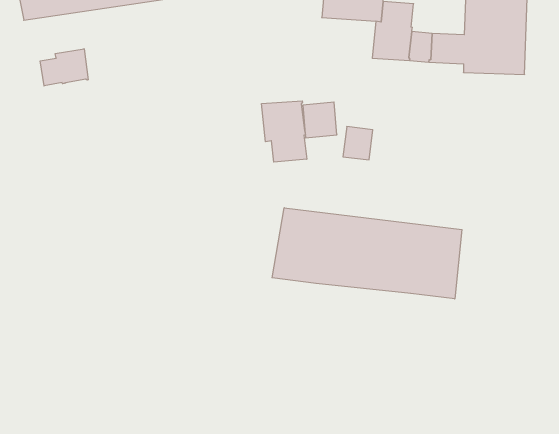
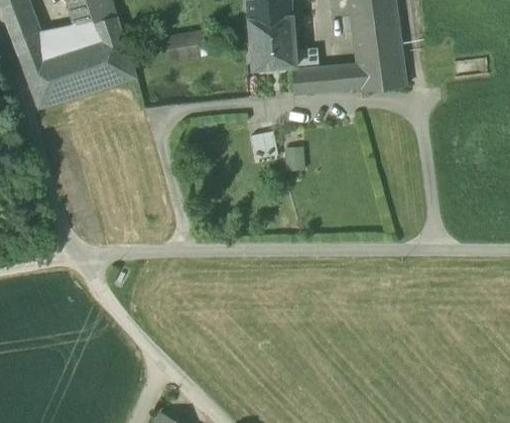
building: [40,49,88,86] -> none
building: [262,101,307,162] -> none
building: [272,208,462,299] -> none

